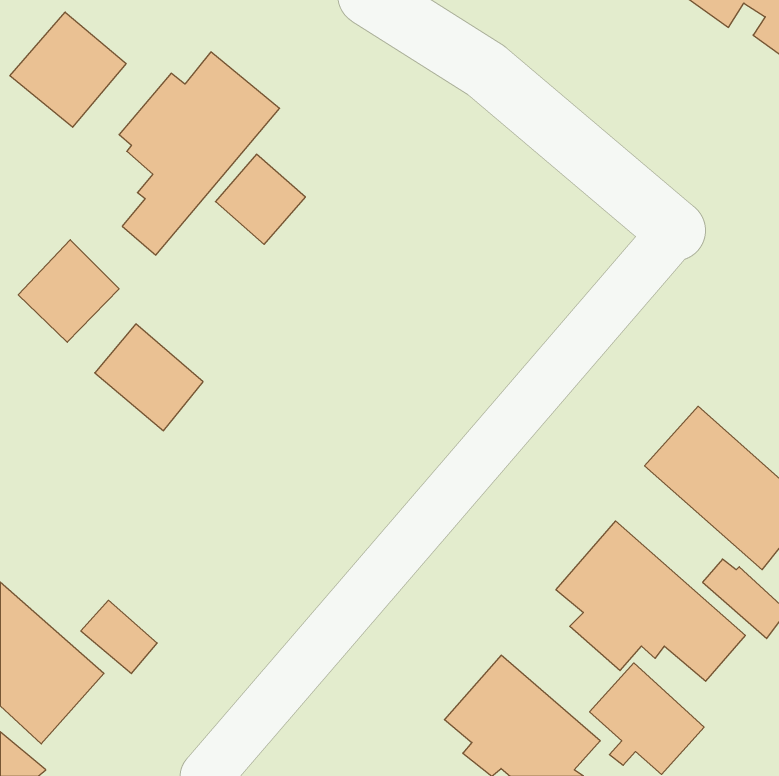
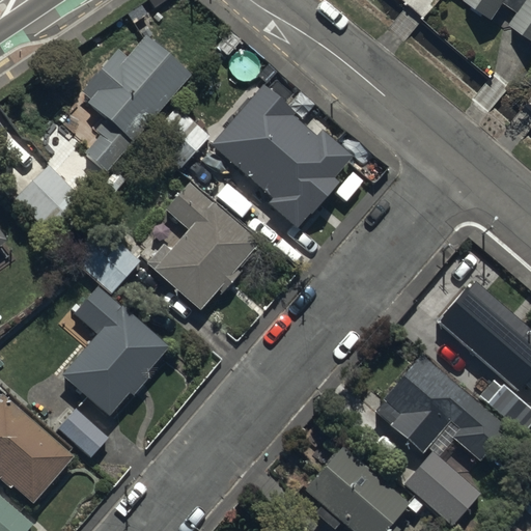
building: [10,12,126,127] -> none
building: none -> [213,81,355,225]
building: none -> [146,181,258,310]
building: none -> [60,286,169,417]

